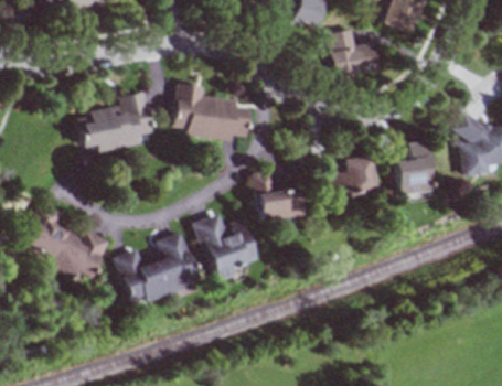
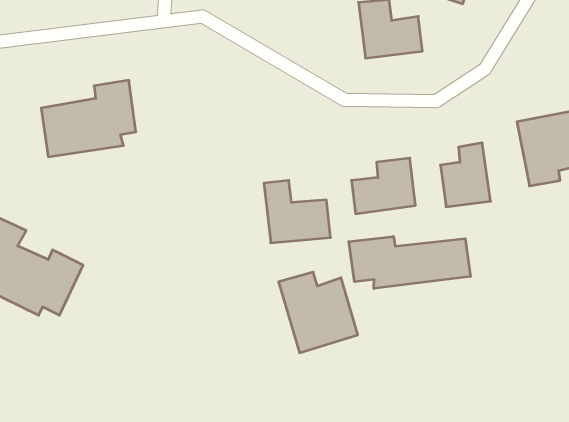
building: [172,84,250,140] -> none
building: [195,214,258,278] -> [279,272,358,353]
building: none -> [349,236,470,289]
building: [116,232,197,305] -> none

